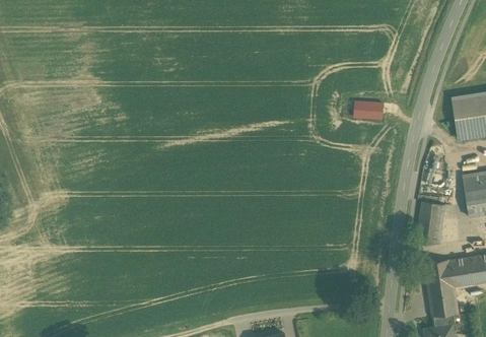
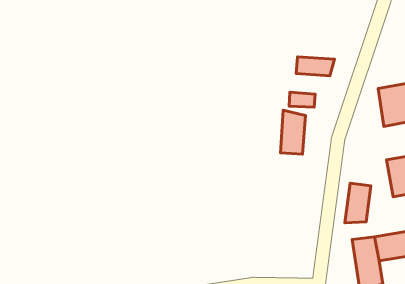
building: none -> [296,57,335,76]
building: none -> [281,110,305,154]

